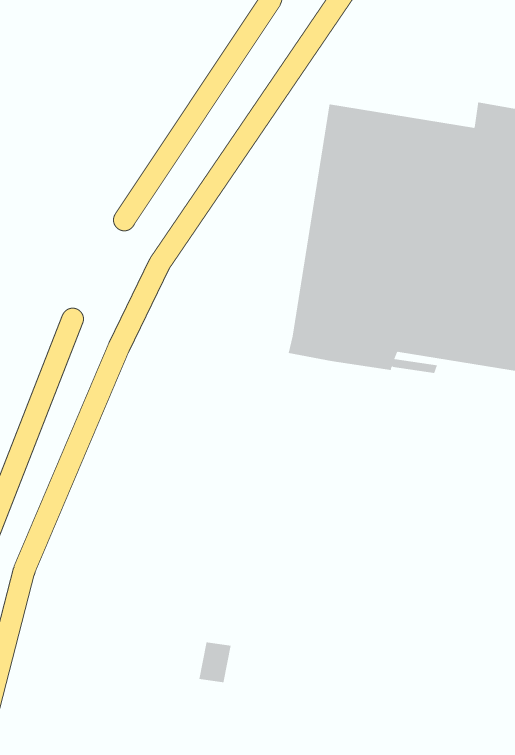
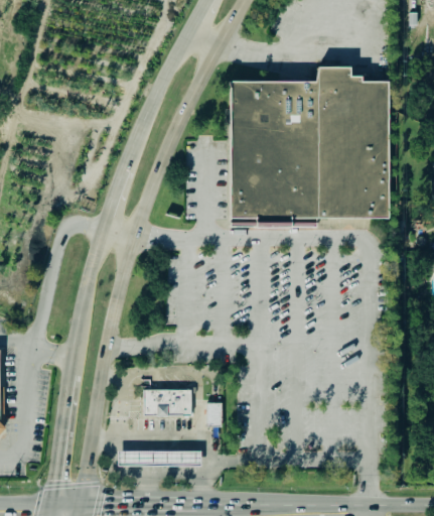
building: none -> [143,389,190,415]
building: none -> [118,449,201,466]

